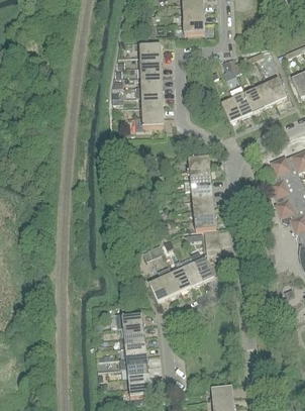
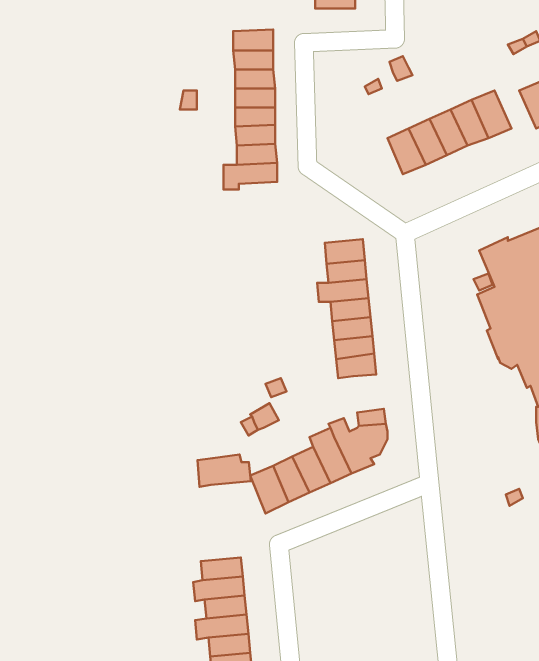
building: [115,310,143,327] -> [198,454,251,487]

